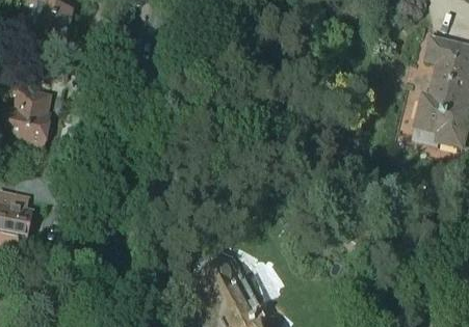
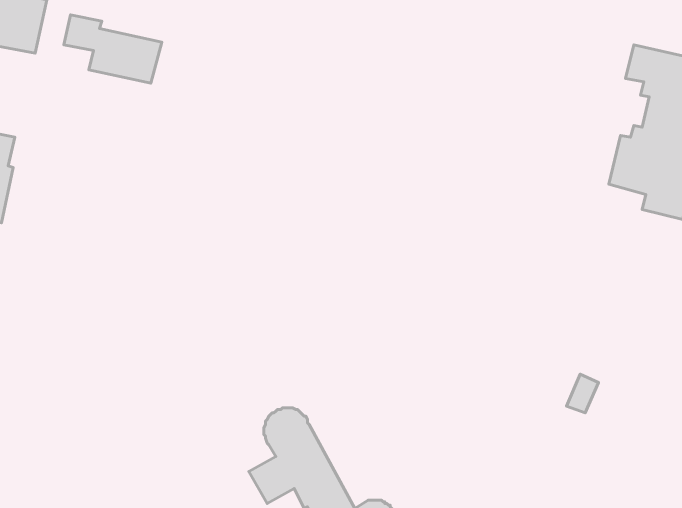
building: none -> [64,15,162,83]

